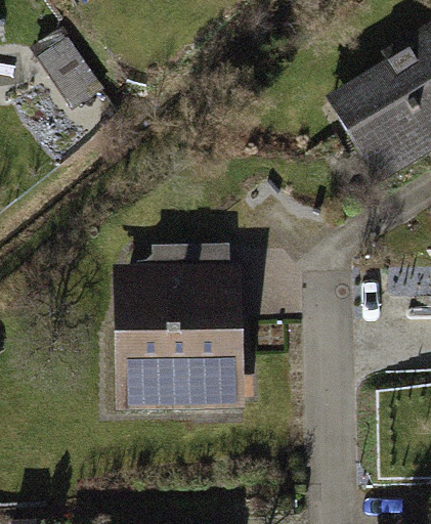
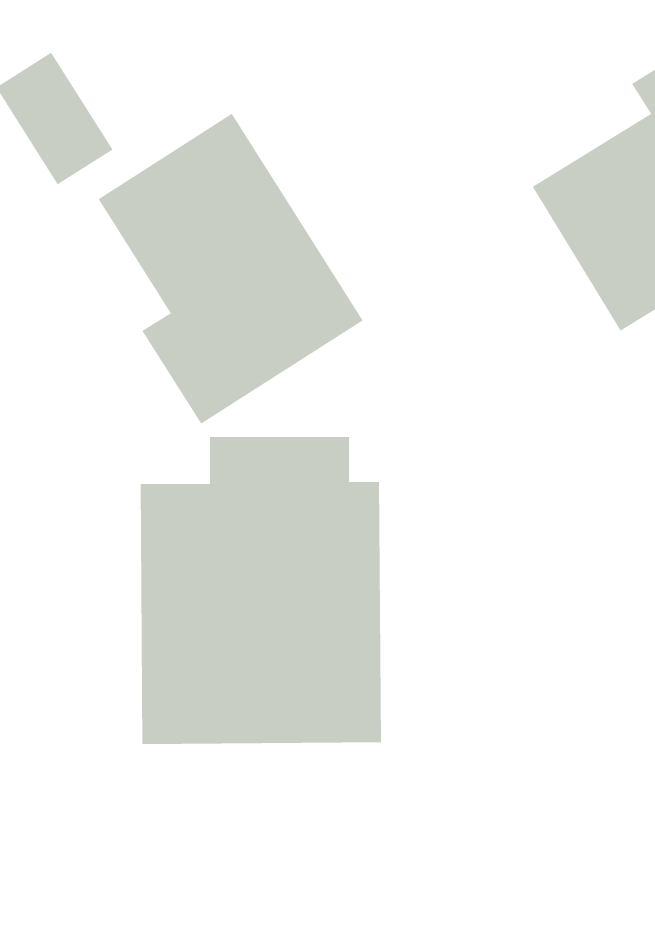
building: none -> [98,113,363,424]

